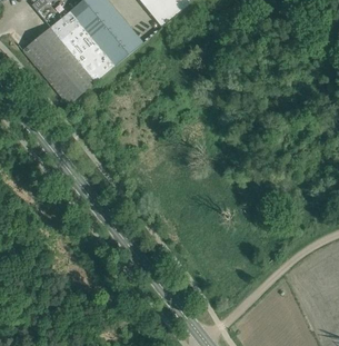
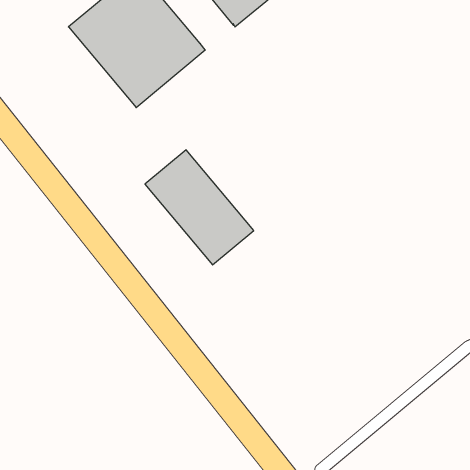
building: [21,27,94,105] -> [145,150,254,265]

